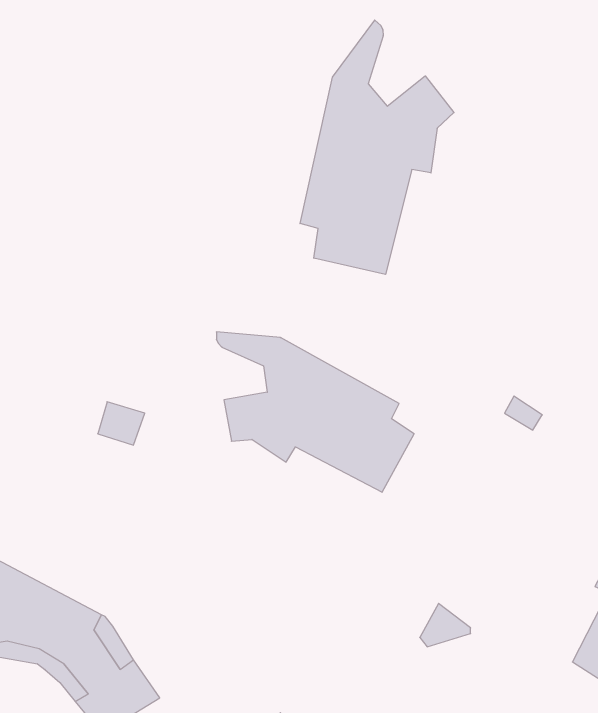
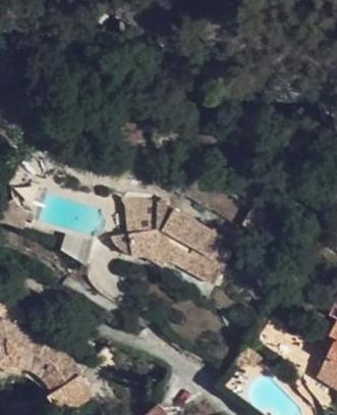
building: [300,20,454,274] -> none

